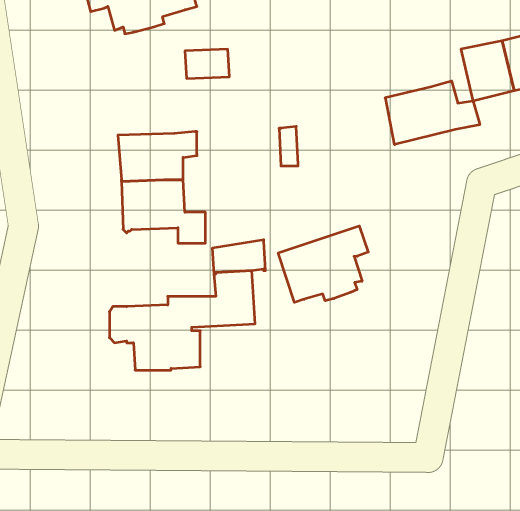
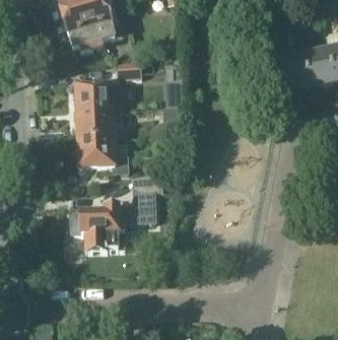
building: [385,81,480,145] -> none
building: none -> [74,80,121,111]
building: [278,226,368,302] -> none

